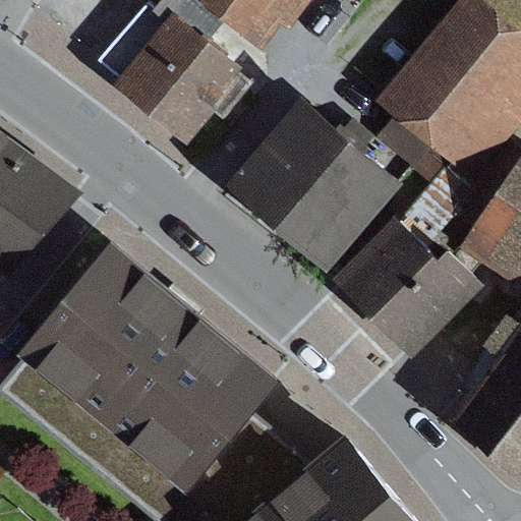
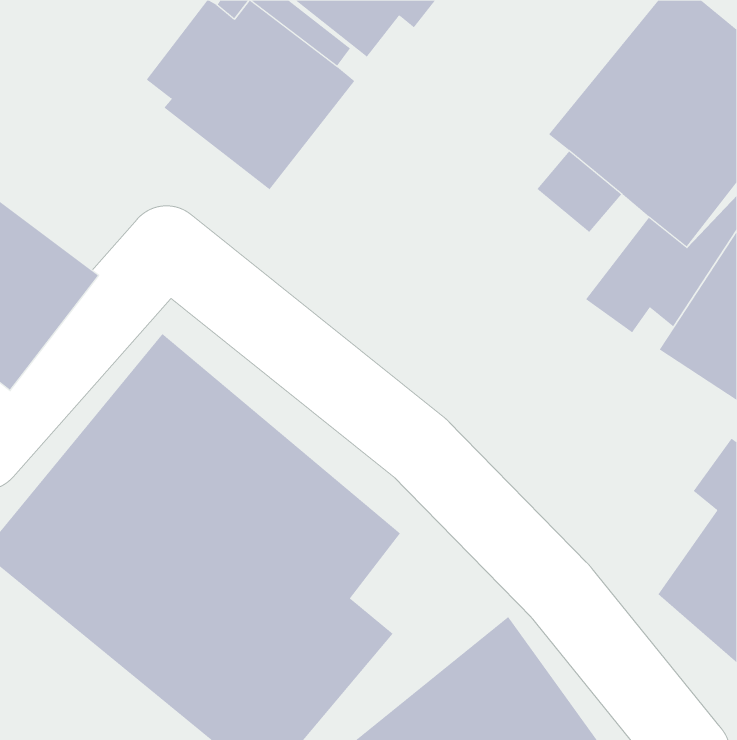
building: [231,96,406,268] -> none
building: [335,214,485,357] -> none

